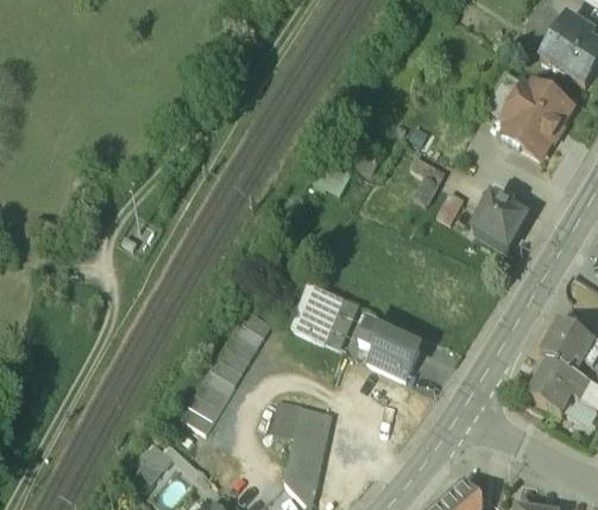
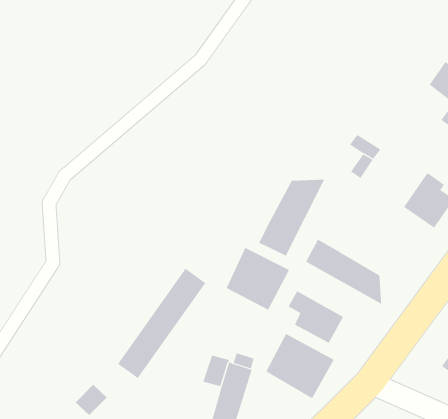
building: none -> [258,179,325,257]
building: none -> [305,239,382,305]
building: none -> [266,333,334,399]

